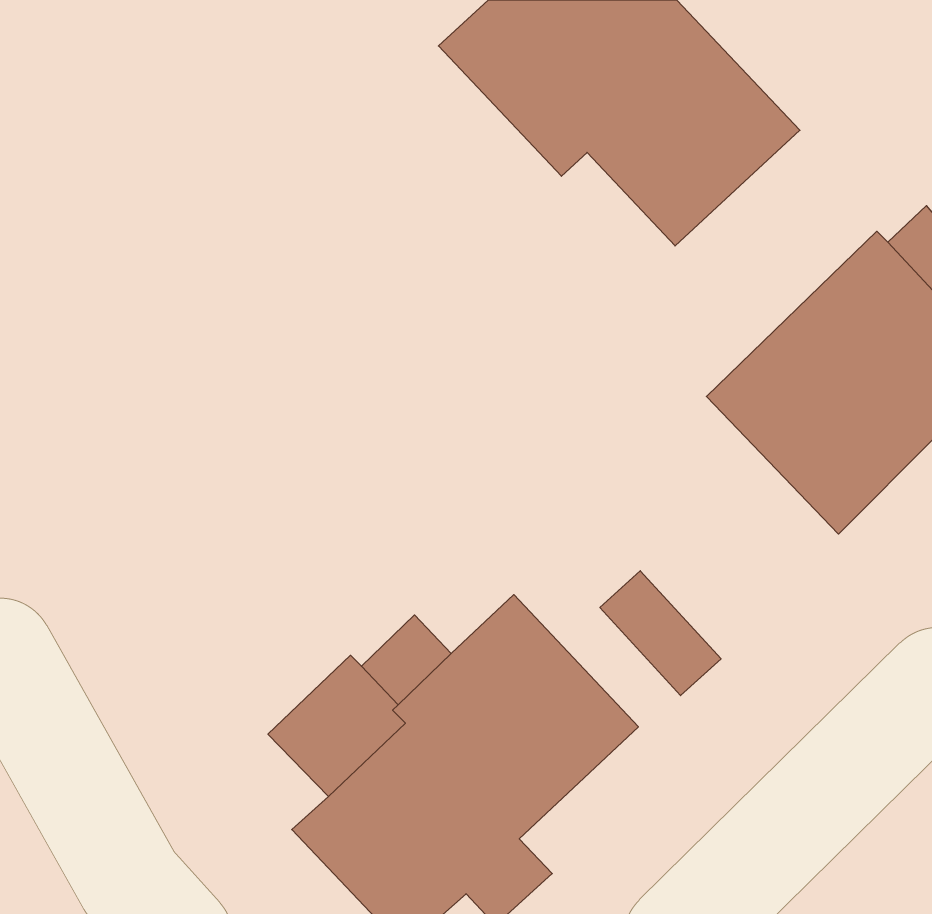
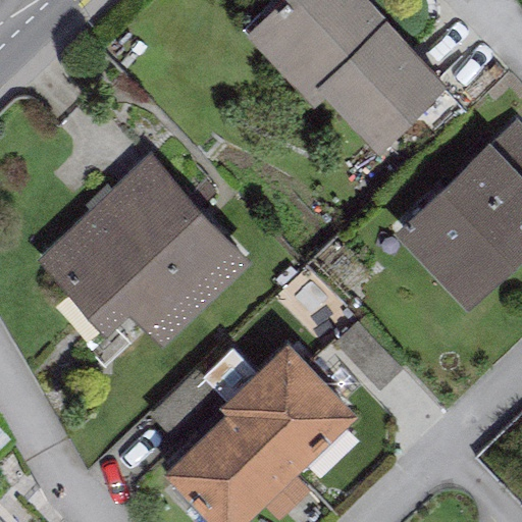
building: none -> [40,158,252,348]

